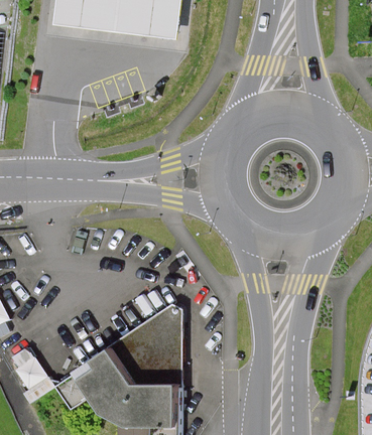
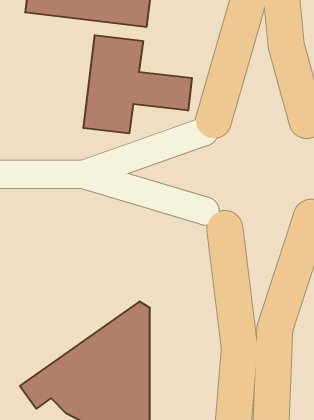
building: none -> [84,35,192,133]

